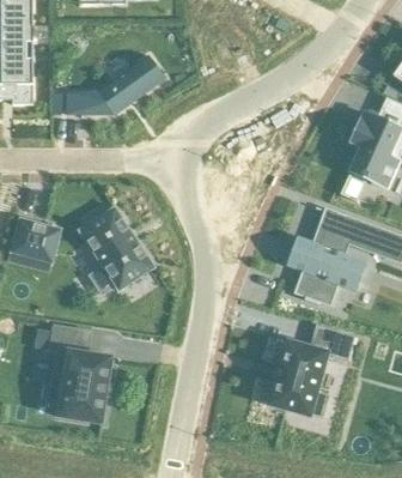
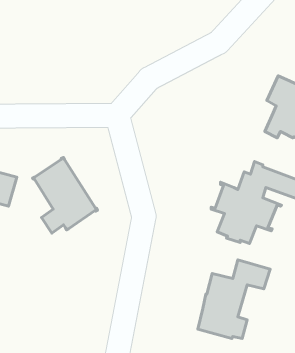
building: [65,55,163,114] -> none
building: [45,325,109,423] -> none

